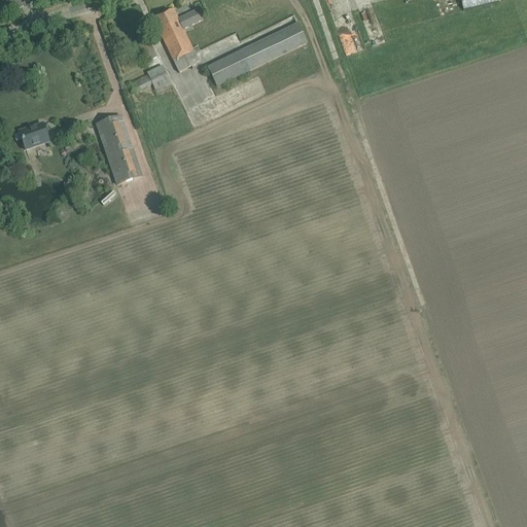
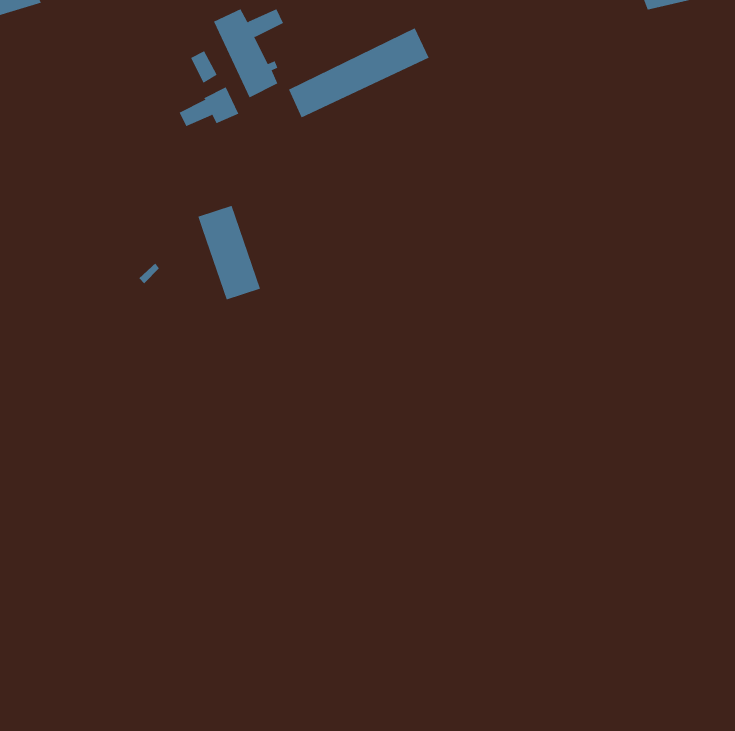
building: [96,114,141,182] -> [197,205,261,300]
building: [12,120,48,147] -> none

